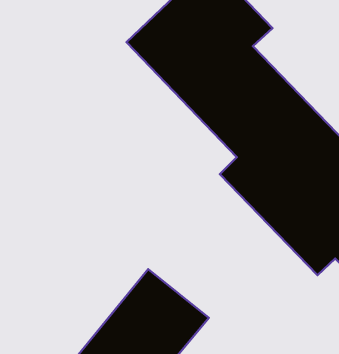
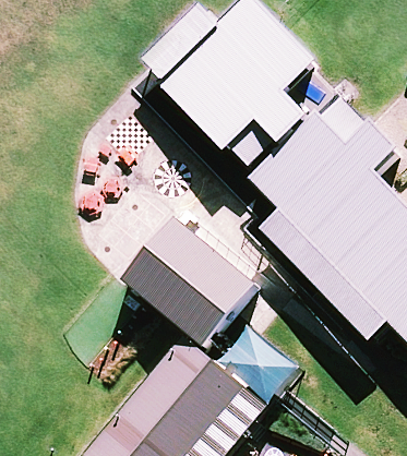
building: none -> [127,220,259,348]

